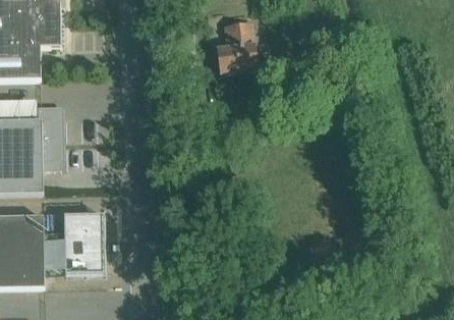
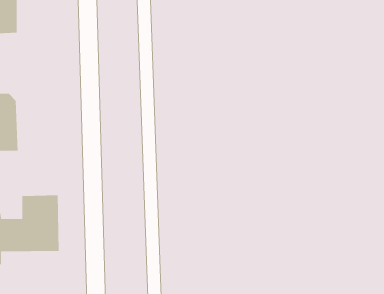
building: [215,21,257,71] -> none

